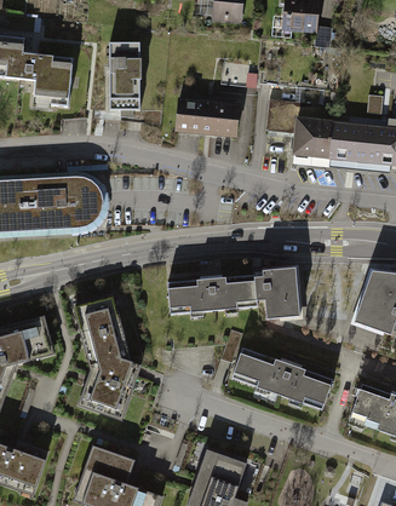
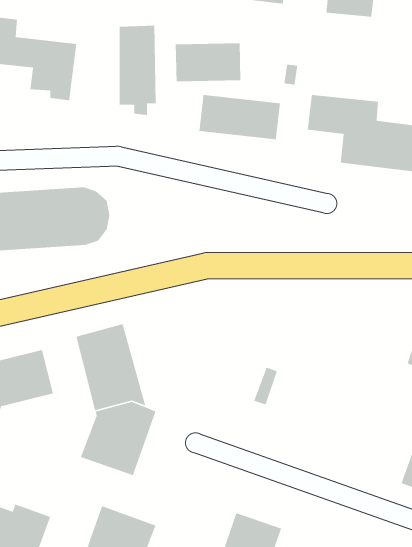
building: none -> [175,43,241,82]
building: [165,264,300,320] -> none
building: [228,345,333,412] -> none

